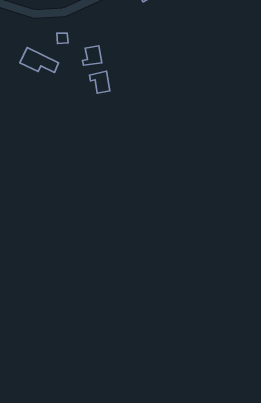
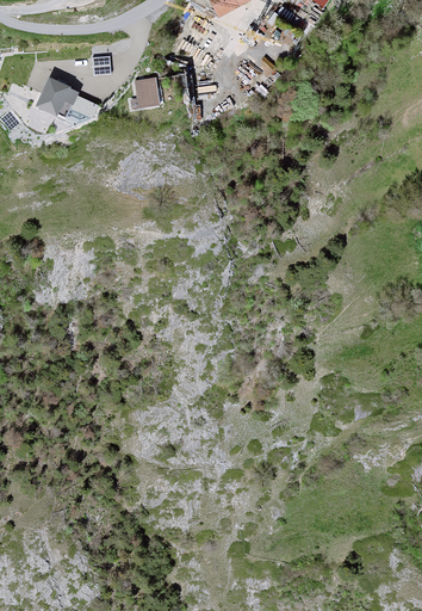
building: [90,71,110,93] -> none

